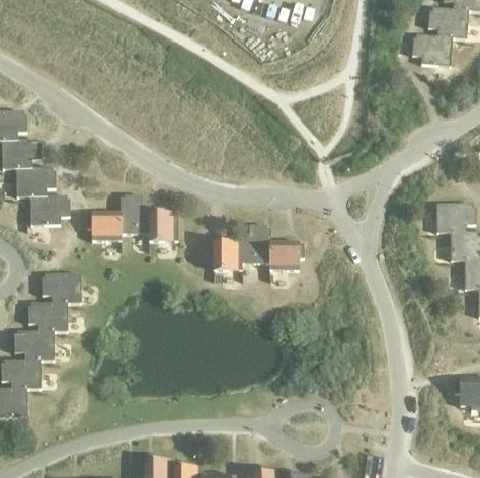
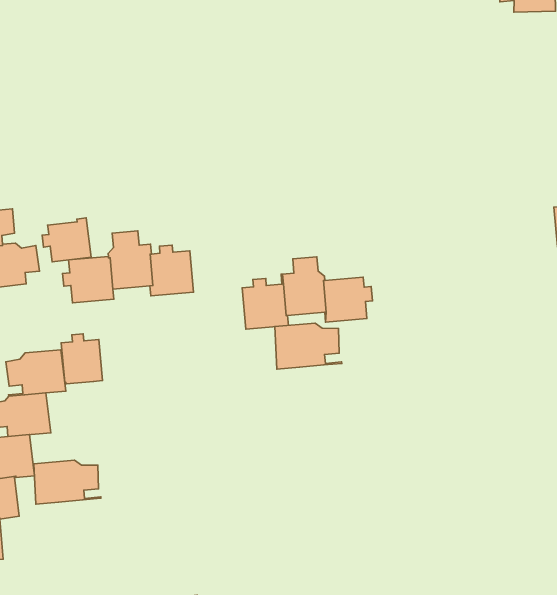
building: none -> [42,218,91,262]
building: none -> [61,334,102,384]
building: none -> [275,323,342,369]
building: none -> [34,460,101,504]

